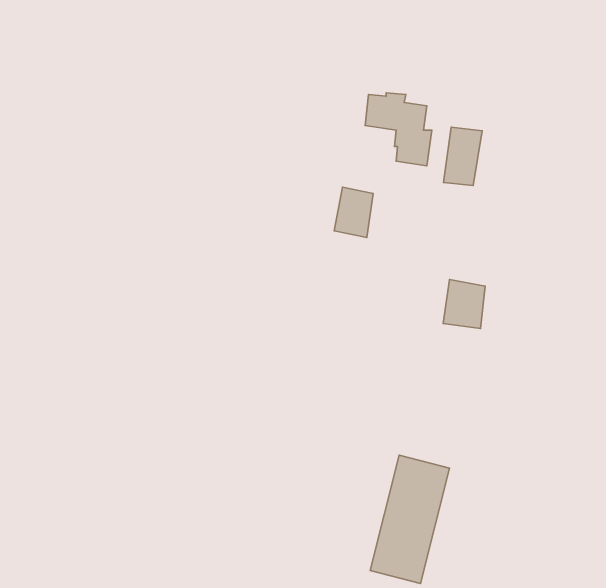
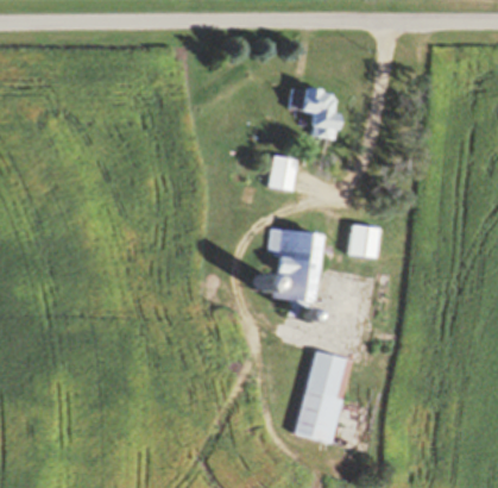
building: [444,127,482,186] -> none
building: none -> [269,226,332,317]

